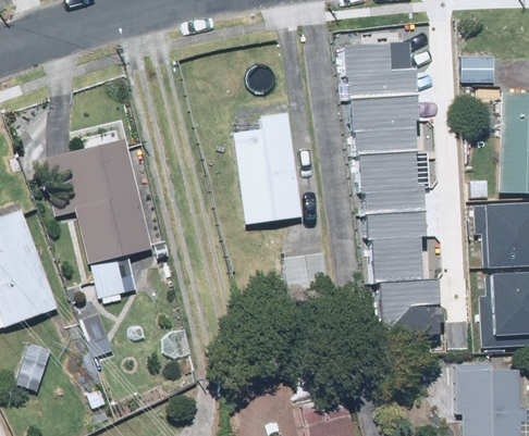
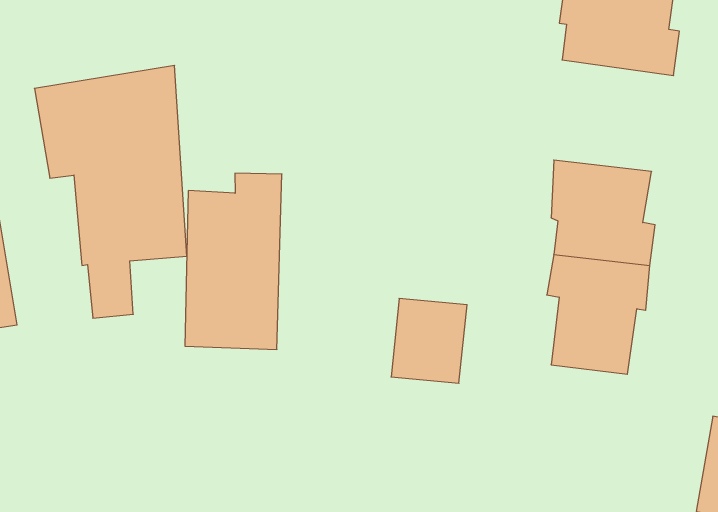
building: [354,91,423,154] -> none
building: [231,114,300,227] -> [185,173,282,349]
building: [383,278,444,334] -> none

